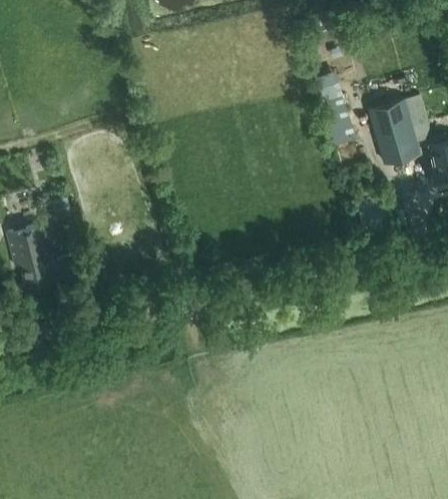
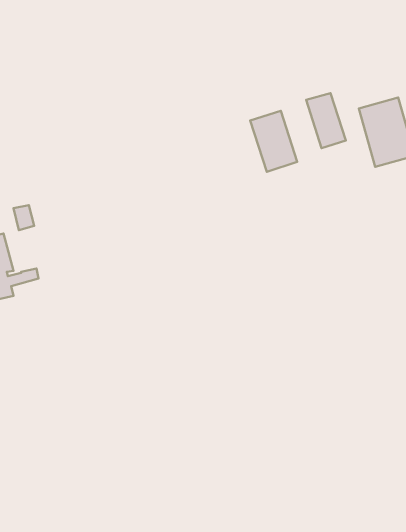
building: none -> [250,111,297,172]

